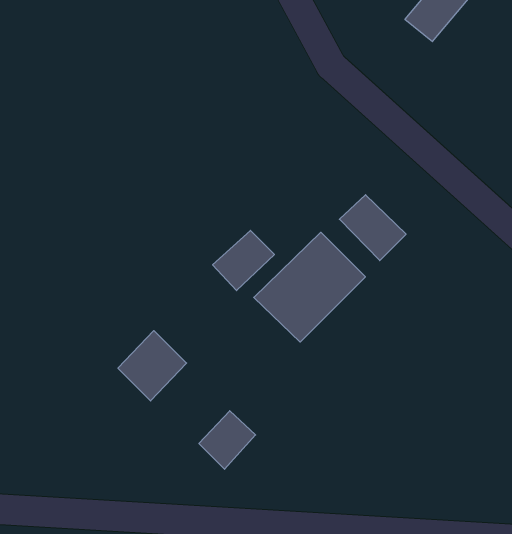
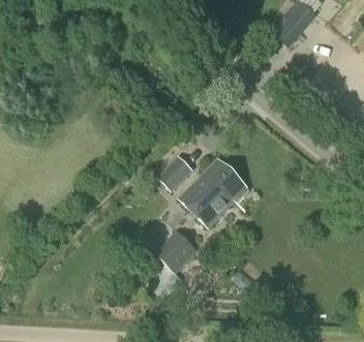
building: [339,195,406,261] -> none
building: [118,331,187,401] -> [155,228,196,271]

